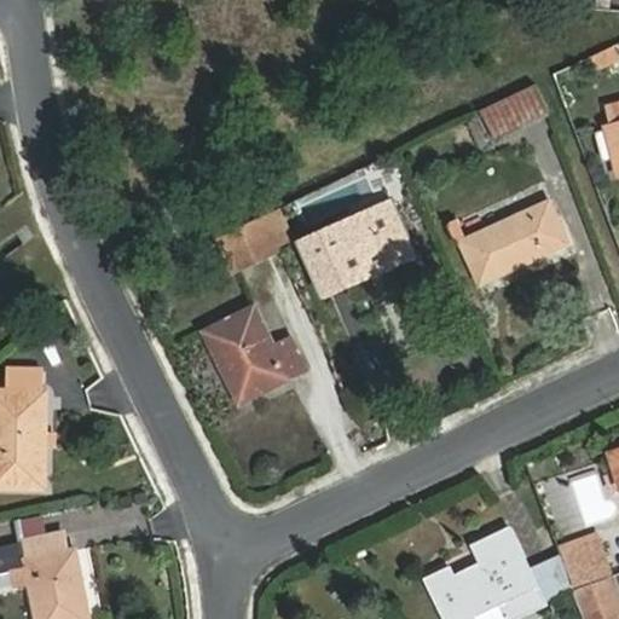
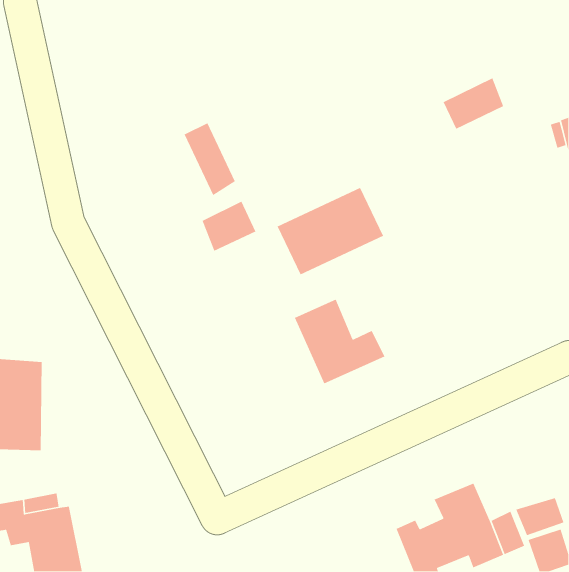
building: none -> [183,122,236,196]
building: [457,199,571,288] -> none
building: [204,307,303,400] -> [294,298,386,385]

